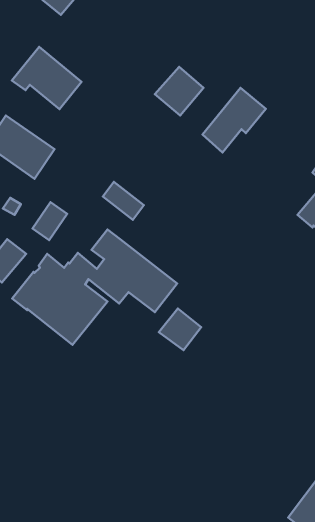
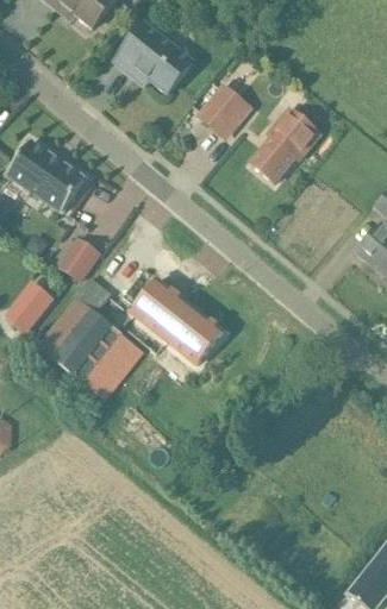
building: [12,47,82,109] -> [114,23,193,93]
building: [103,182,144,220] -> none
building: [159,309,201,350] -> none

